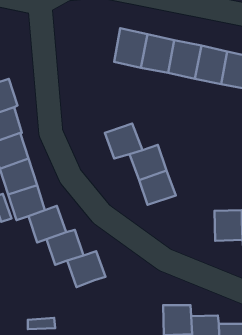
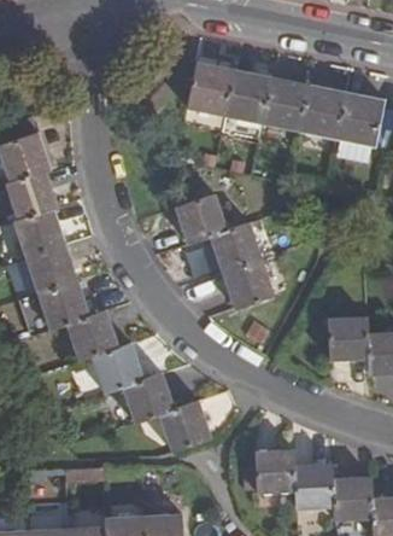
building: none -> [159,402,211,453]

